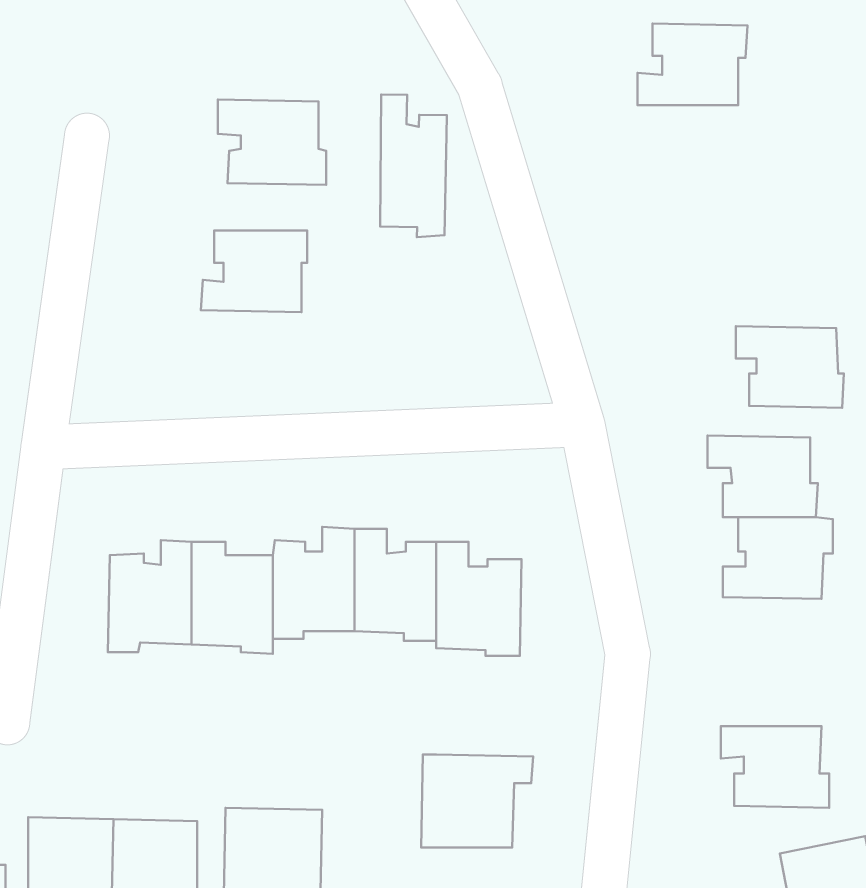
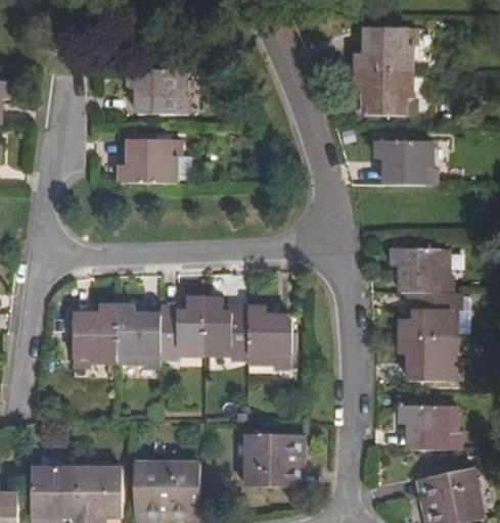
building: [380,94,447,237] -> none
building: none -> [355,73,414,116]
building: [736,326,844,408] -> [377,141,436,185]
building: none -> [401,337,460,382]

